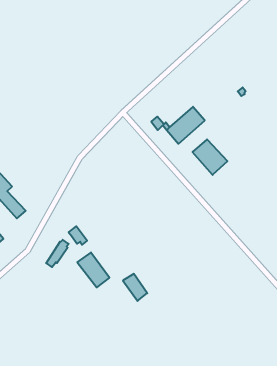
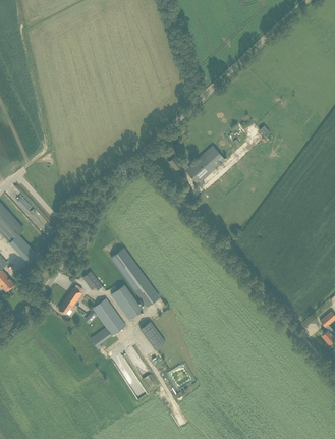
building: [193,139,227,175] -> none
building: none -> [111,248,159,307]
building: none -> [111,284,143,320]

